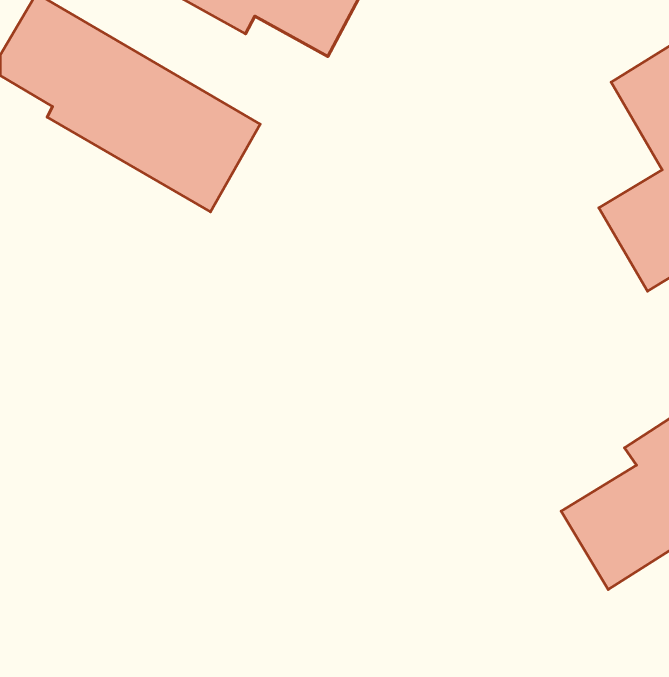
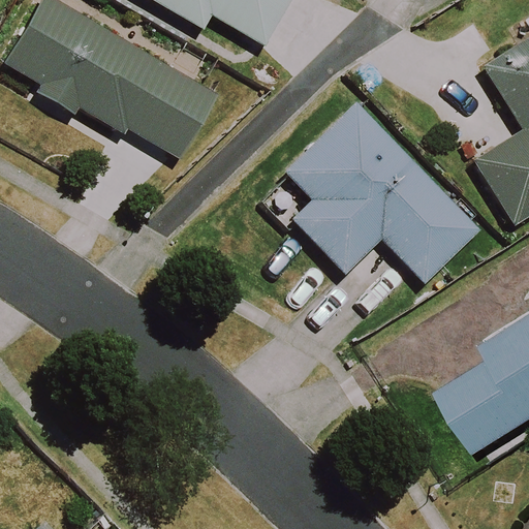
building: none -> [288,103,479,281]

